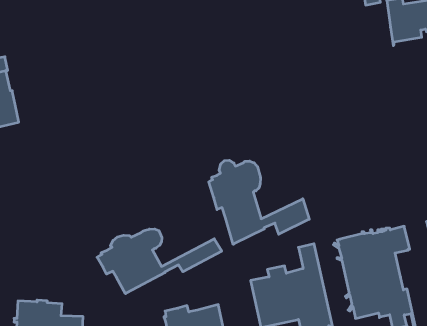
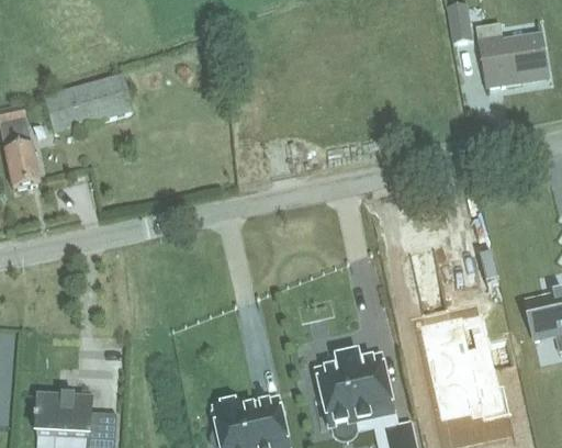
building: none -> [43,74,132,132]
building: [209,160,309,244] -> none
building: [97,229,222,294] -> none

